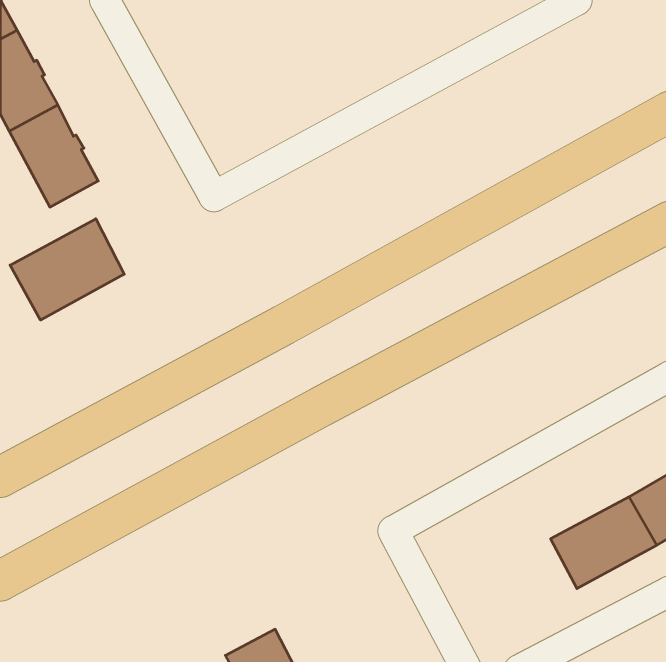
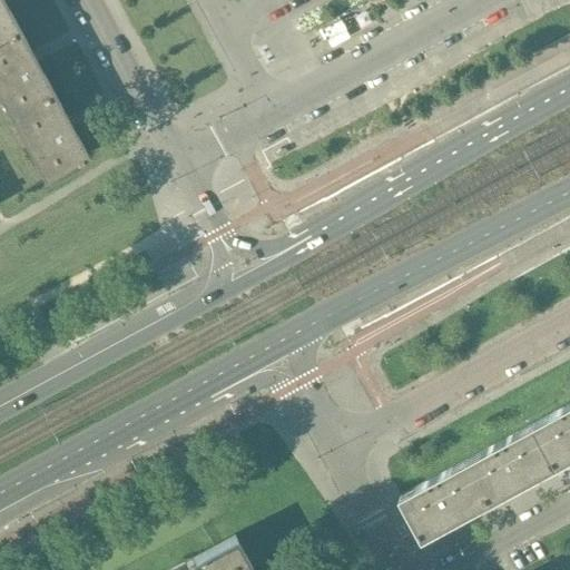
building: [10,219,124,320] -> none
building: none -> [404,464,493,543]

